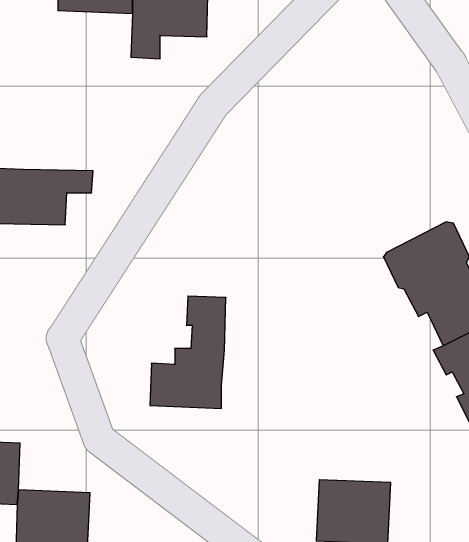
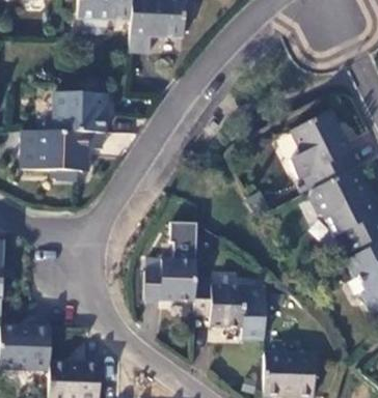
building: none -> [53,93,107,134]
building: none -> [289,111,355,191]
building: none -> [193,285,266,339]

